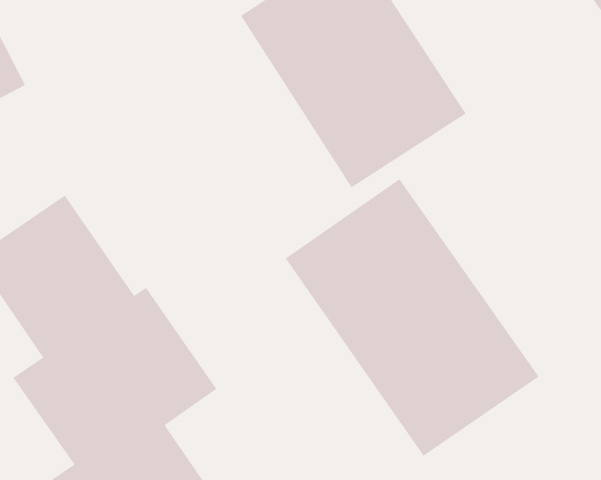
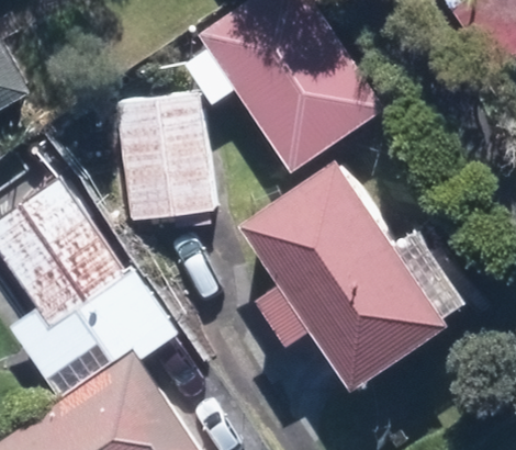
building: none -> [116,91,213,223]

